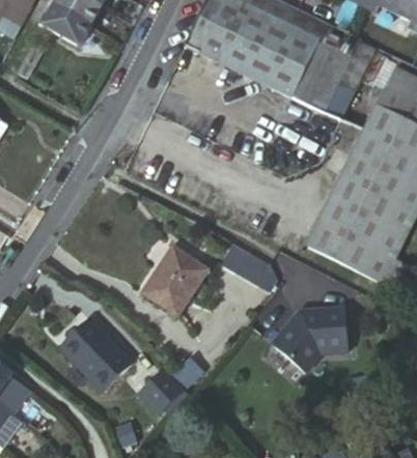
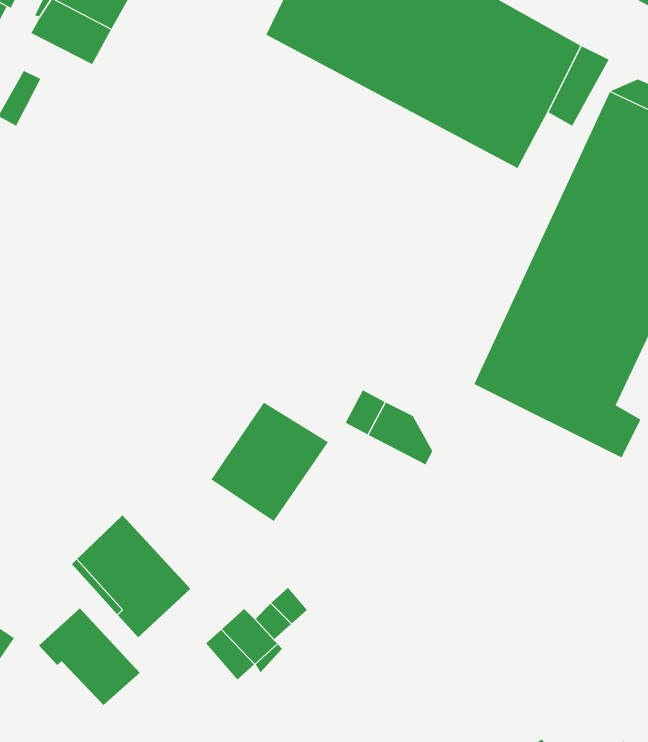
building: [272,308,349,374] -> none
building: none -> [38,607,141,706]

